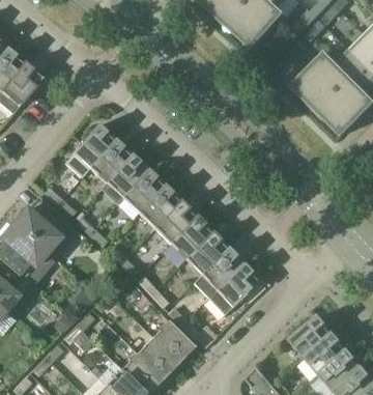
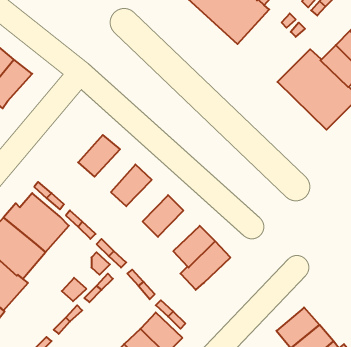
building: [64,124,114,176] -> none
building: [101,154,151,203] -> none
building: [138,186,180,228] -> none
building: [170,217,212,258] -> none
building: [208,264,259,314] -> none

